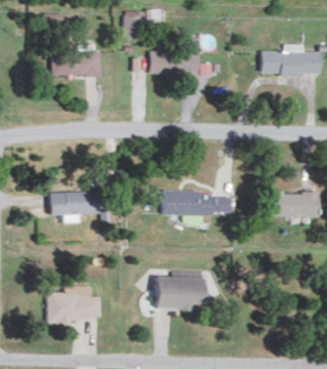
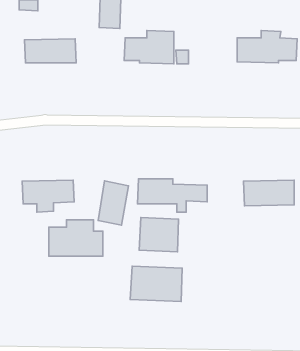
building: none -> [98,181,129,225]
building: none -> [139,218,178,252]
building: [48,285,101,321] -> [49,220,103,256]

